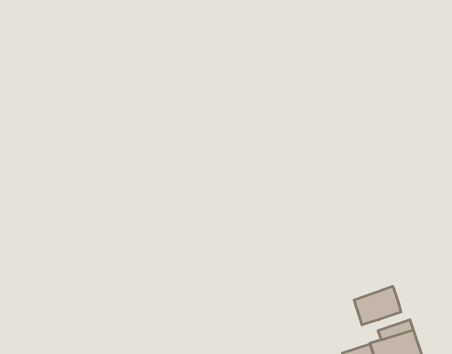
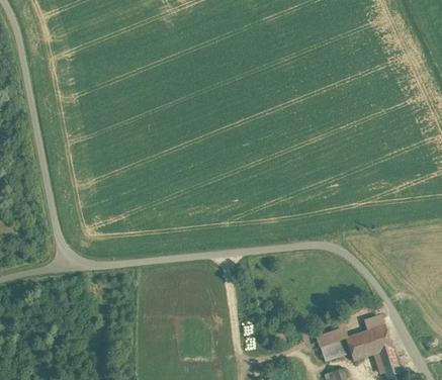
building: [354,286,401,325] -> none

